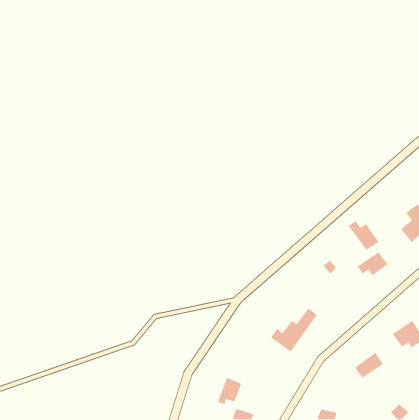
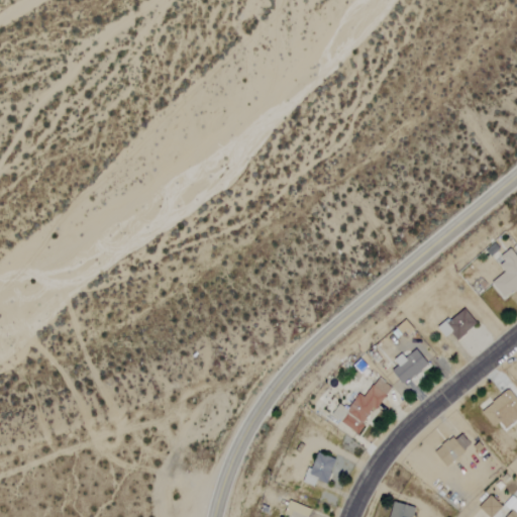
building: [348,220,380,251] -> none
building: none -> [391,349,430,383]
building: [217,377,242,405] -> [306,451,337,486]

